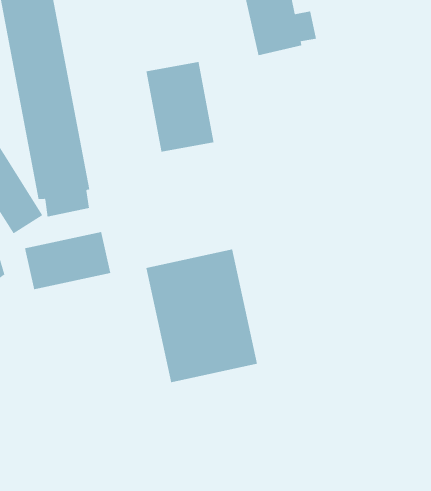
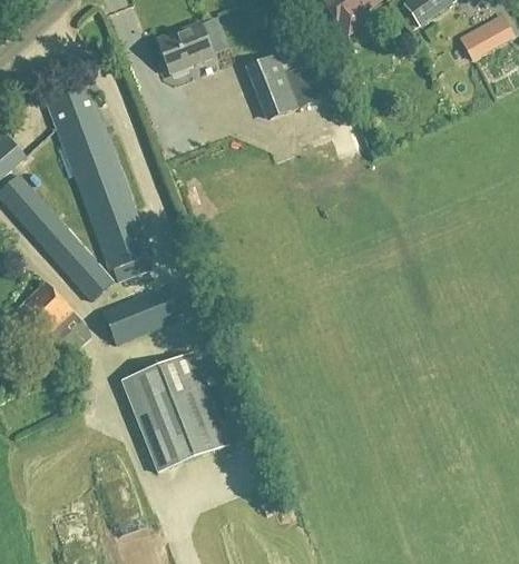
building: [146,61,214,153] -> none
building: [146,249,258,383] -> [123,352,229,472]

